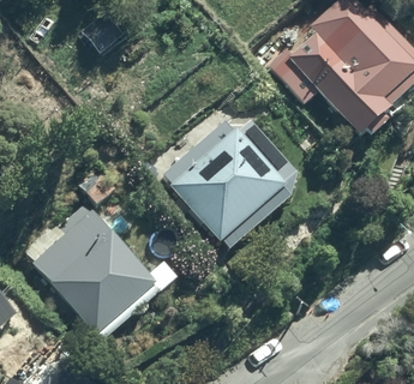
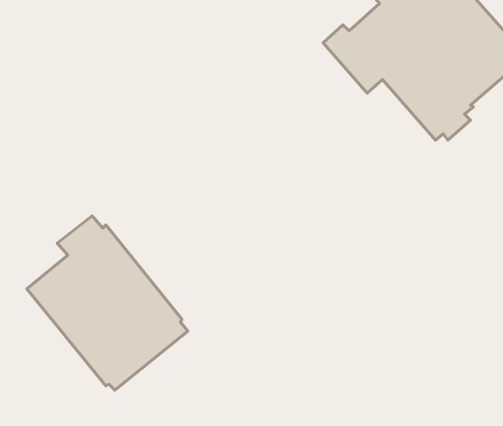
building: [162,114,296,247] -> none

